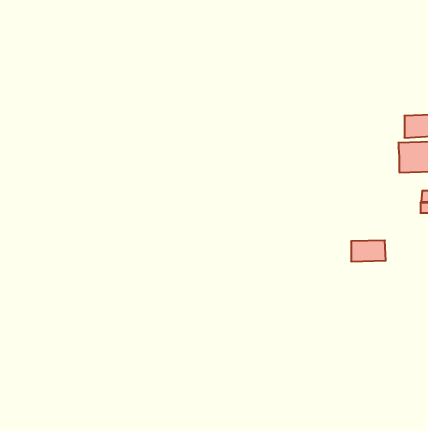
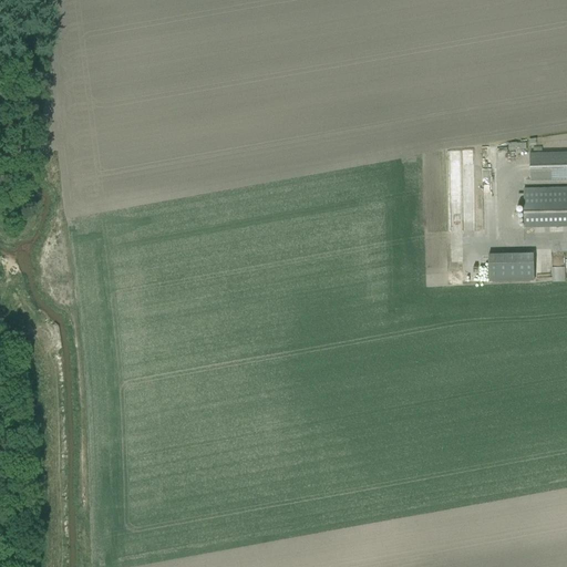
building: [351,240,386,261] -> [493,252,538,280]

